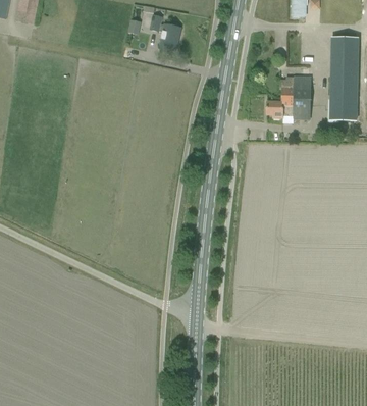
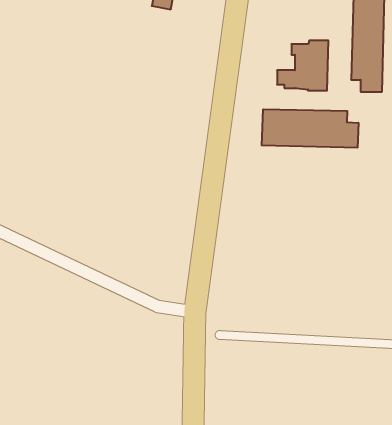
building: none -> [262,109,358,148]

